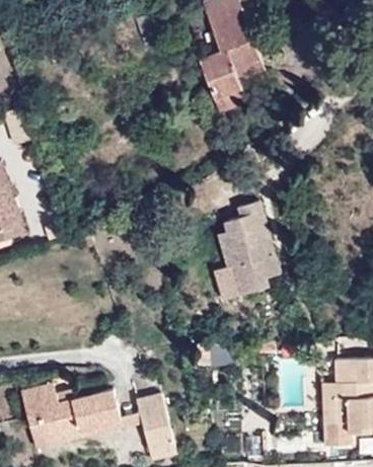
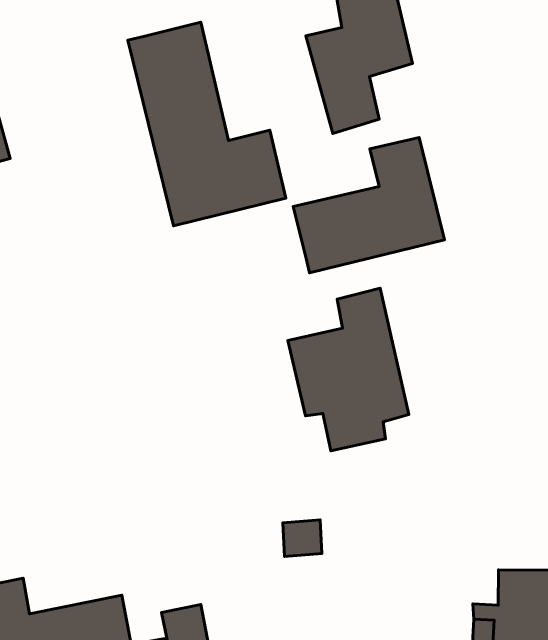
building: none -> [128,22,286,226]
building: none -> [293,137,444,273]

